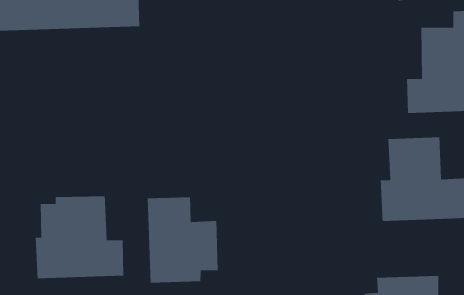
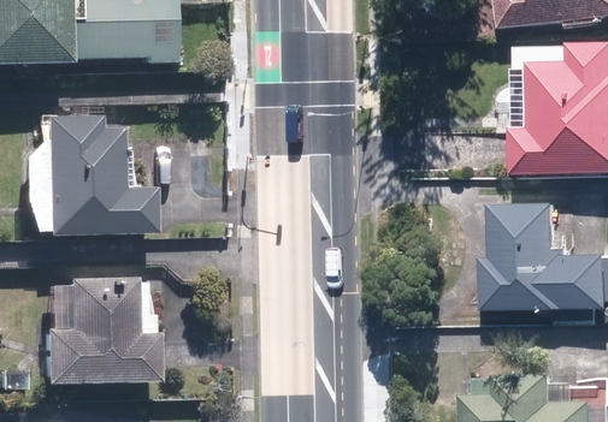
building: none -> [48,113,159,234]
building: [147,196,218,284] -> none

